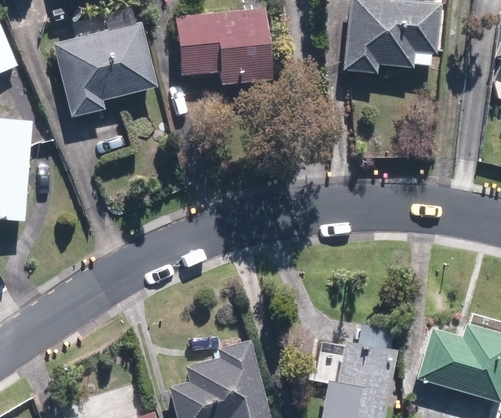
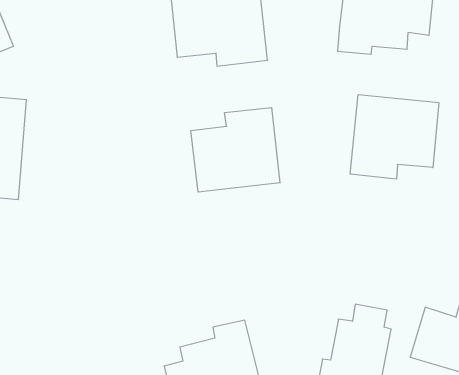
building: [45,23,147,119] -> none
building: none -> [350,95,439,179]
building: none -> [191,108,280,192]

